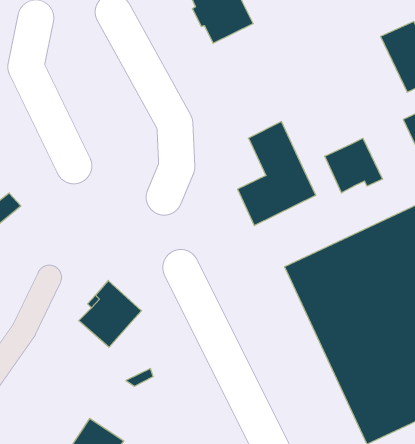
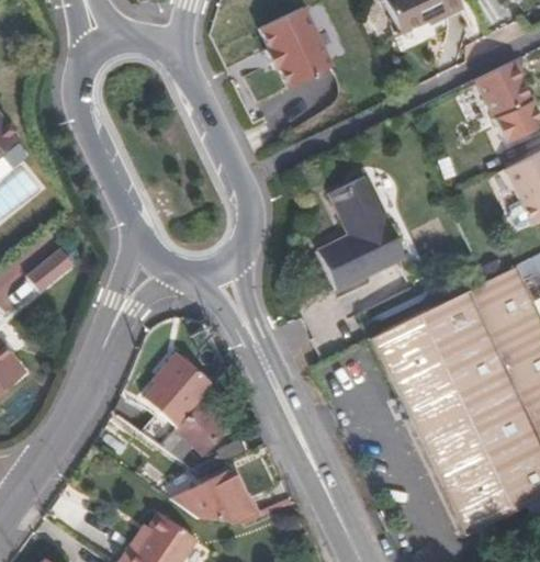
building: [325,138,382,193] -> none
building: none -> [160,398,227,457]
building: none -> [180,473,258,521]

